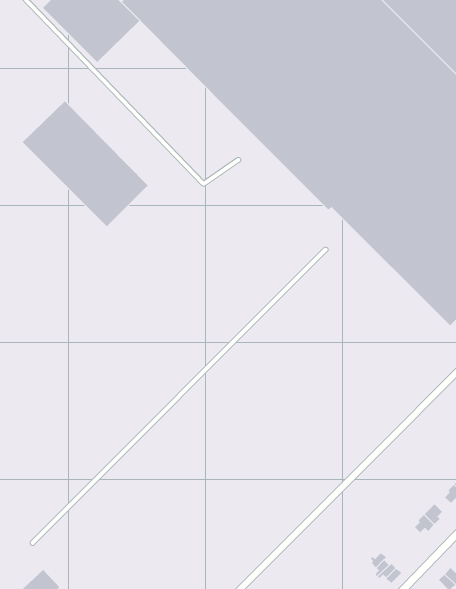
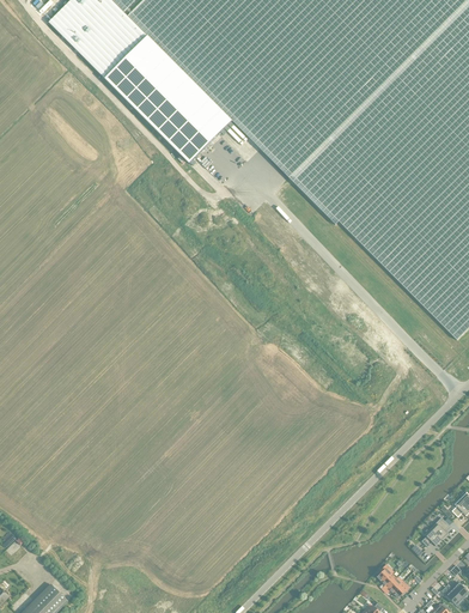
building: [22,100,149,227] -> [102,34,229,160]

